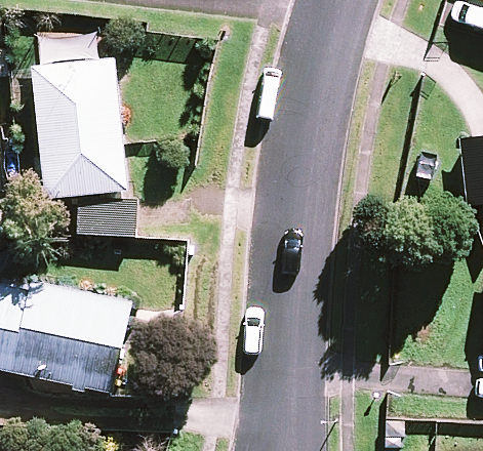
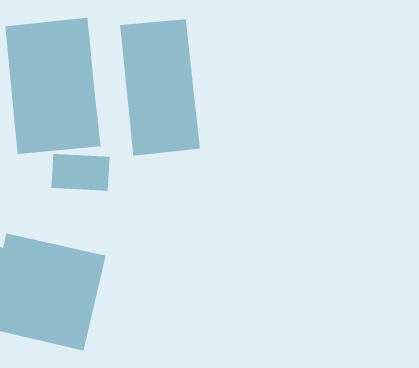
building: none -> [119,18,200,157]

